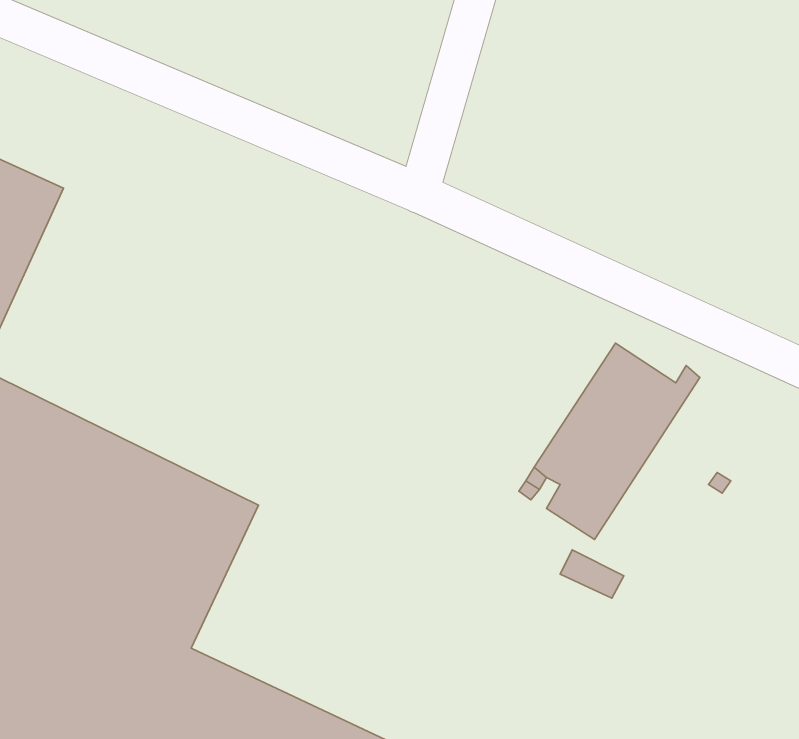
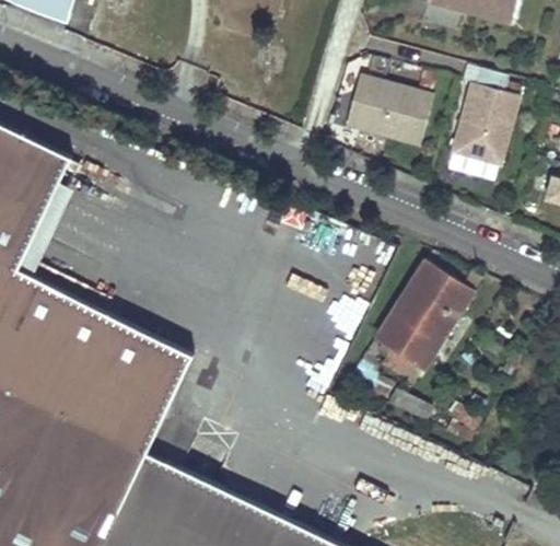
building: none -> [345,74,431,144]
building: none -> [450,82,517,165]

